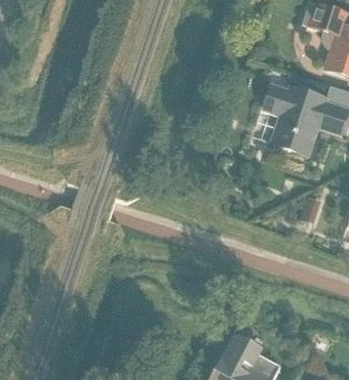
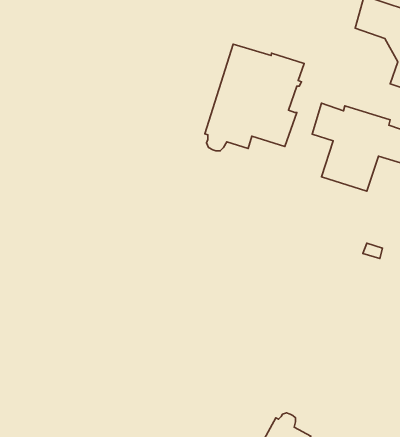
building: none -> [205,44,304,151]

